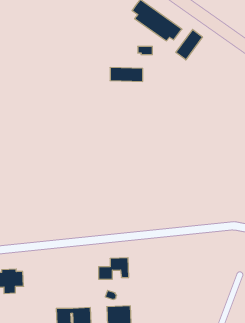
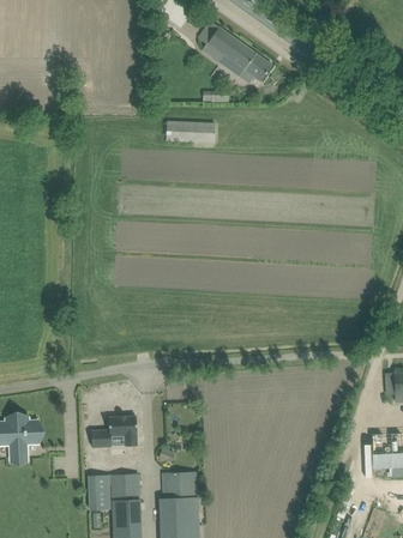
building: [176,29,202,60] -> none
building: [99,258,129,279] -> [92,416,137,447]

